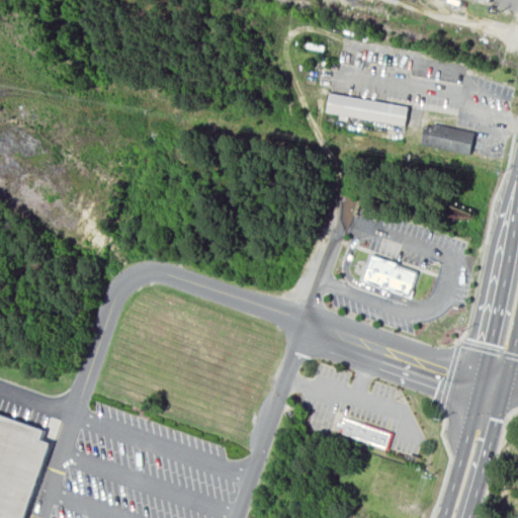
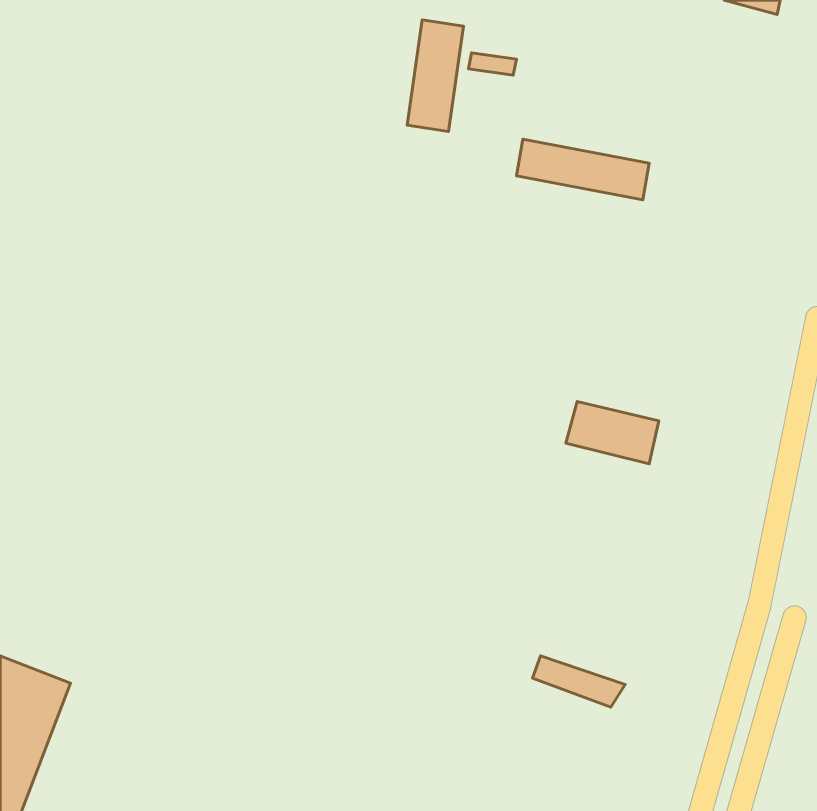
building: none -> [407,20,463,131]
building: [425,114,477,153] -> none

